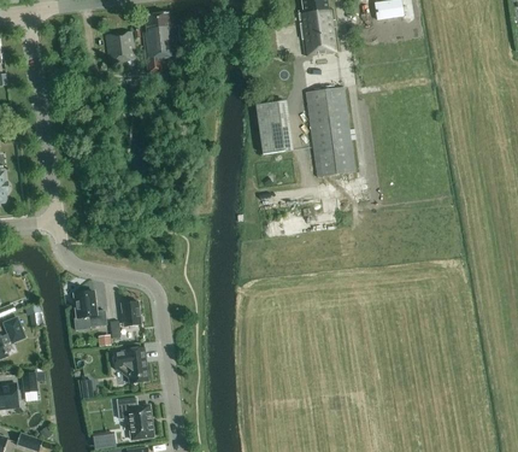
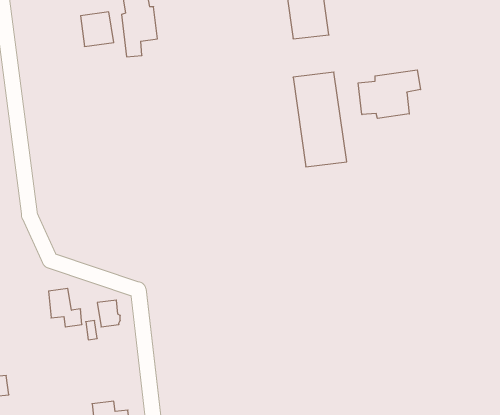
building: none -> [358,70,421,118]
building: [255,100,293,153] -> none
building: [113,348,148,383] -> none

